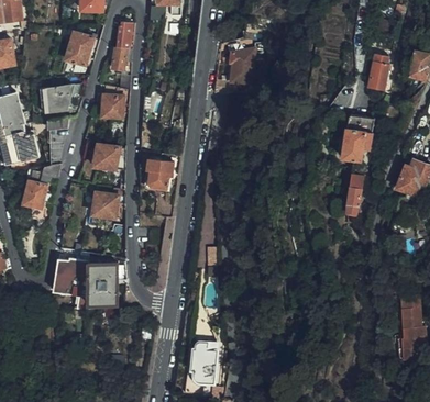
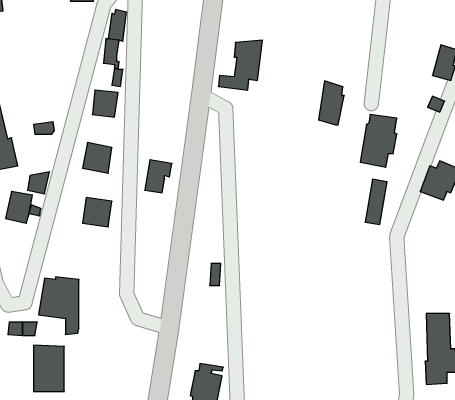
building: [66,33,95,66] -> none
building: [367,48,390,88] -> [319,81,344,125]
building: [42,87,76,113] -> none
building: [89,264,117,305] -> [34,345,64,392]

